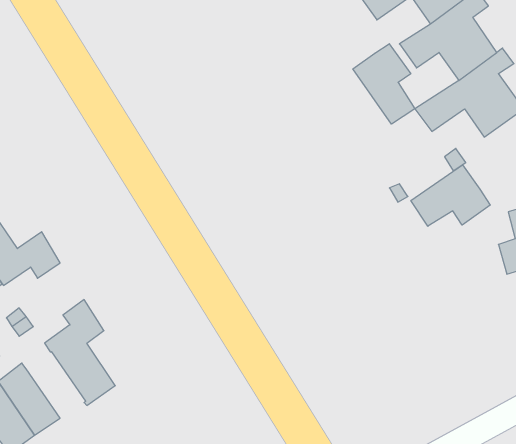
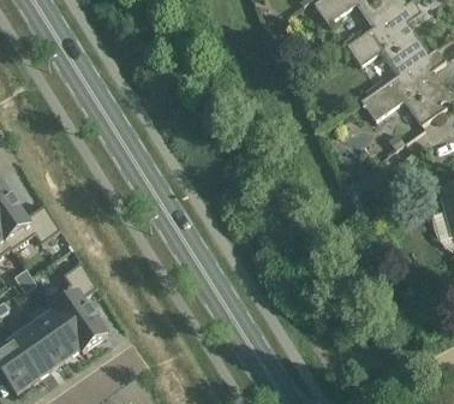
building: [353,44,415,124] -> none
building: [411,165,490,226] -> none
building: none -> [30,307,80,363]

